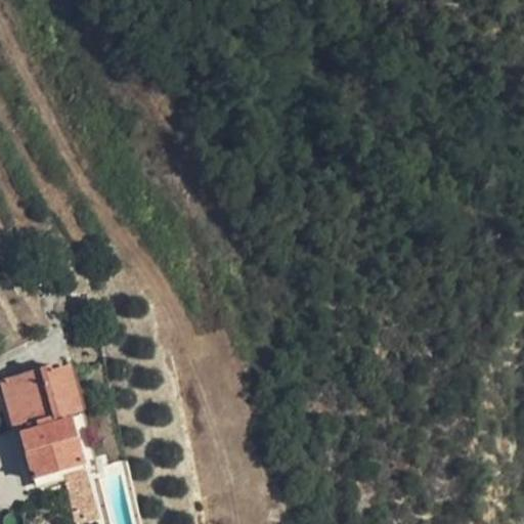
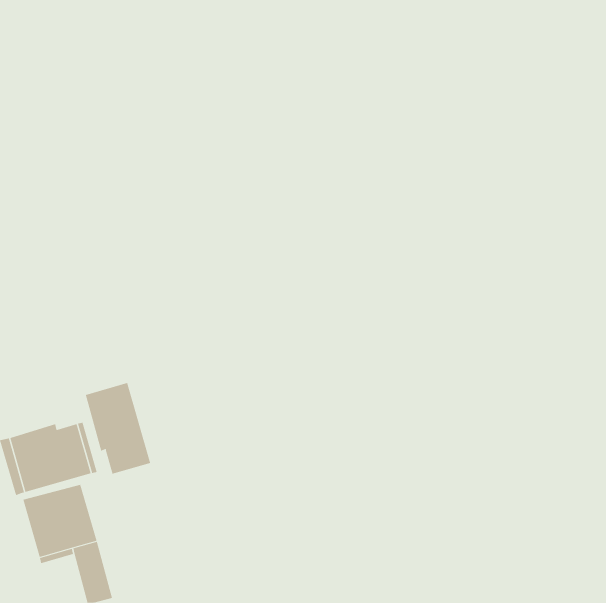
building: none -> [85,382,151,475]

